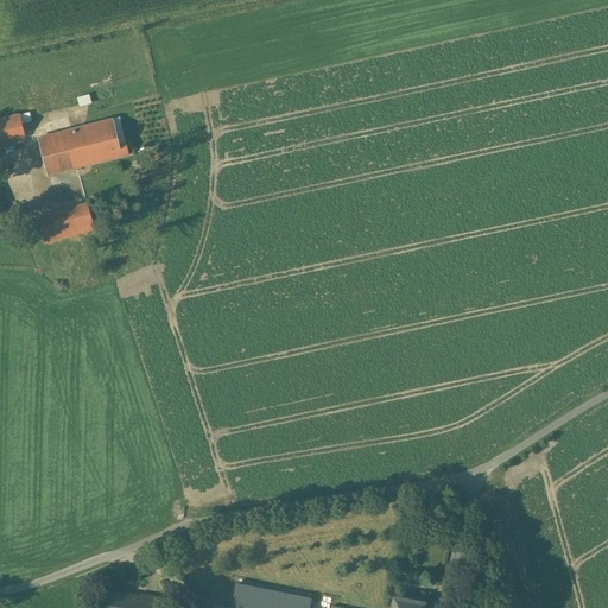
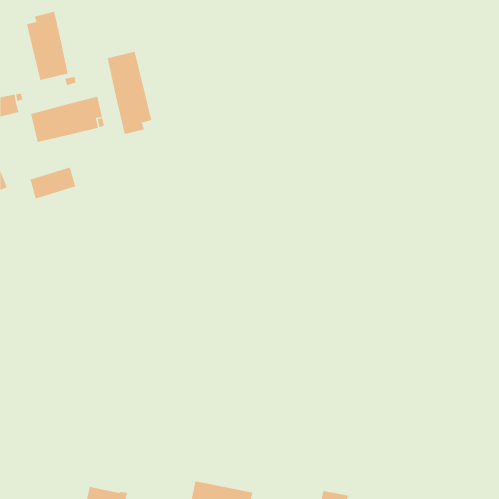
building: none -> [26,11,69,81]
building: none -> [107,51,152,135]

